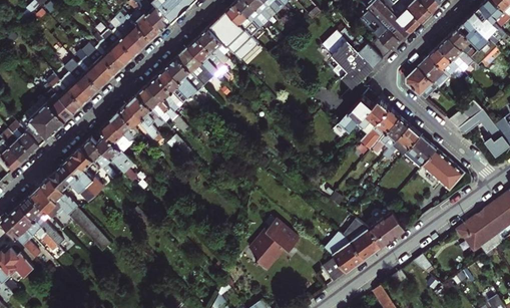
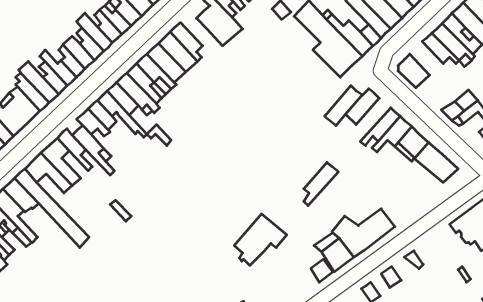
building: [199,27,232,68] -> none
building: [418,55,450,88] -> none
building: [367,109,400,150] -> [304,162,338,206]

